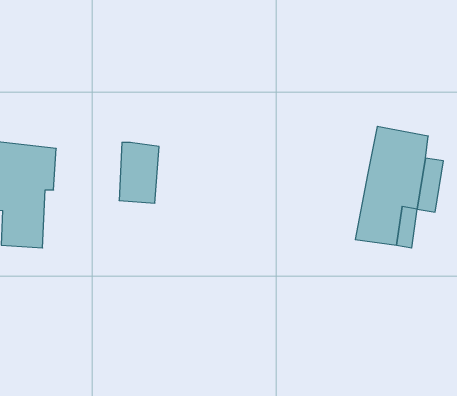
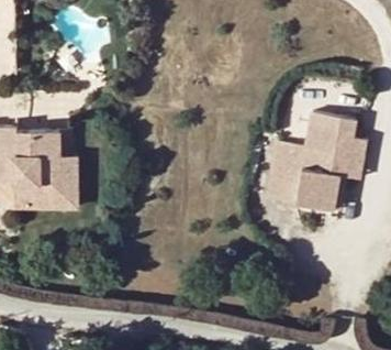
building: [119,142,159,203] -> [42,161,74,209]
building: none -> [268,144,301,200]

